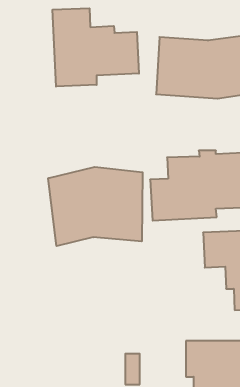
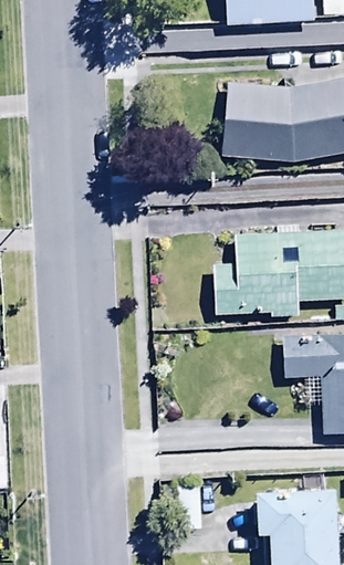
building: [53,8,139,87] -> none
building: [48,167,143,246] -> none

